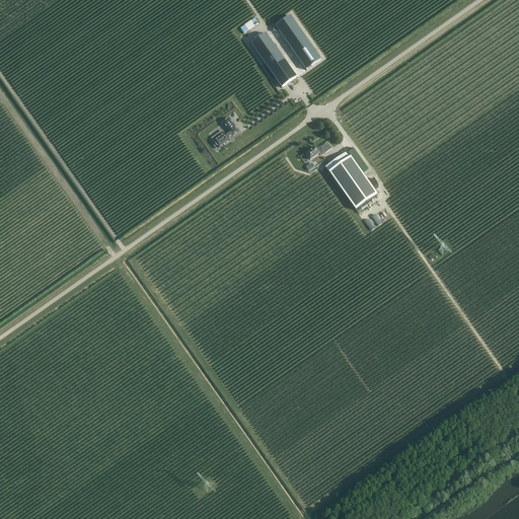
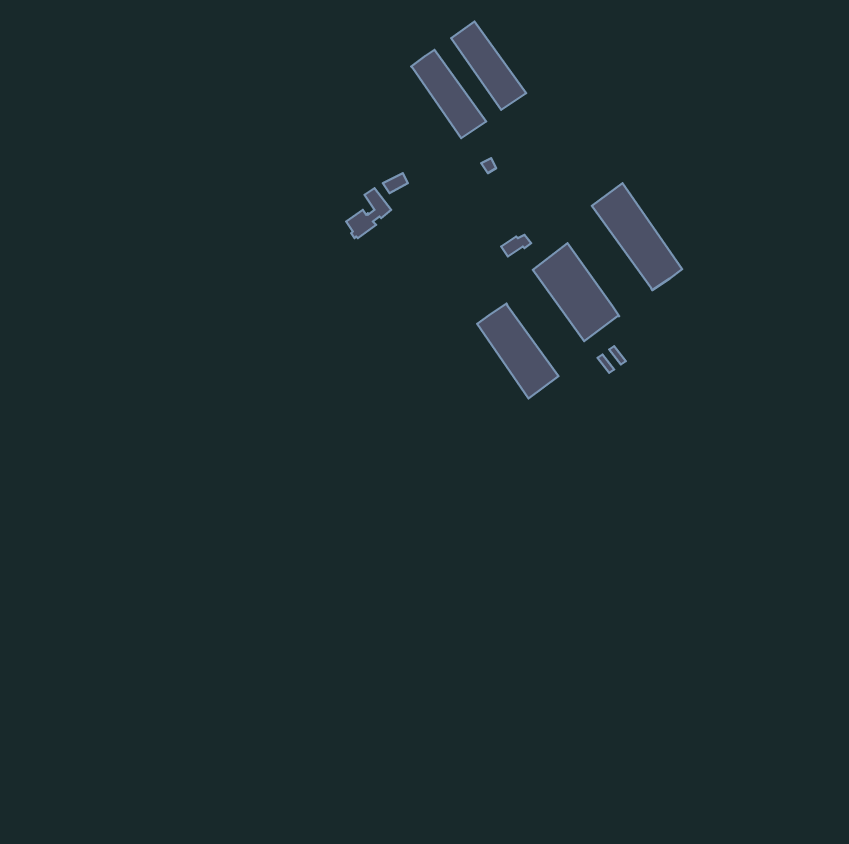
building: none -> [592,183,682,290]
building: none -> [477,304,558,398]

